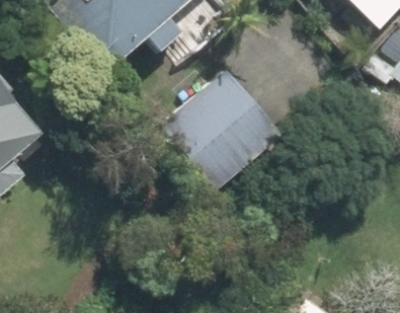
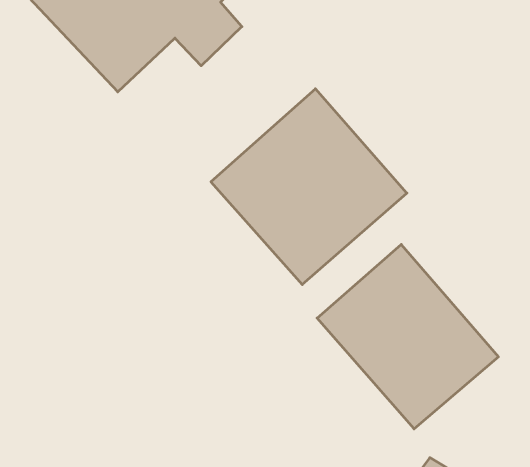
building: none -> [317,244,498,429]

